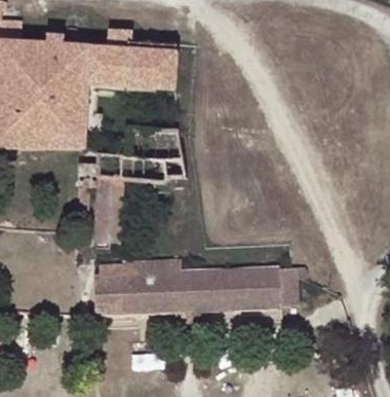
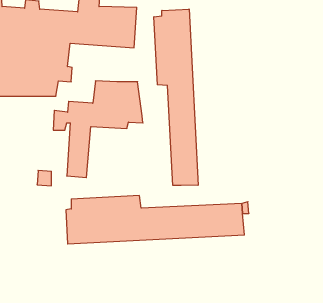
building: none -> [154,9,198,185]

